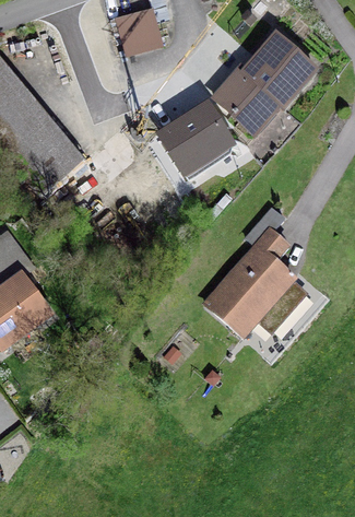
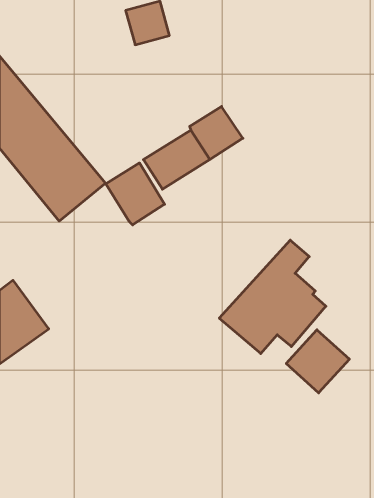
building: [214,32,313,124] -> none
building: none -> [106,163,165,225]
building: none -> [286,330,349,393]

